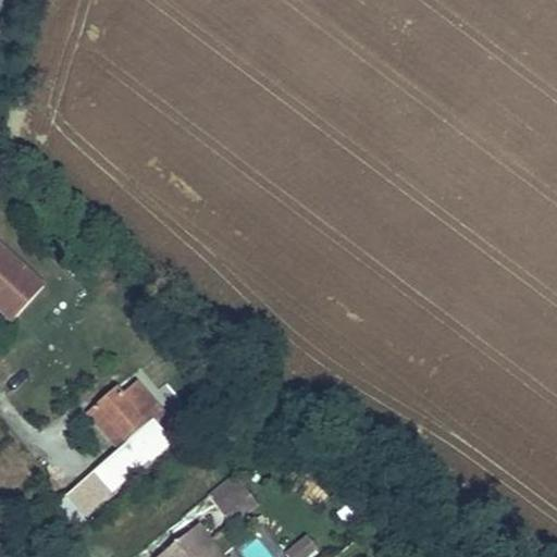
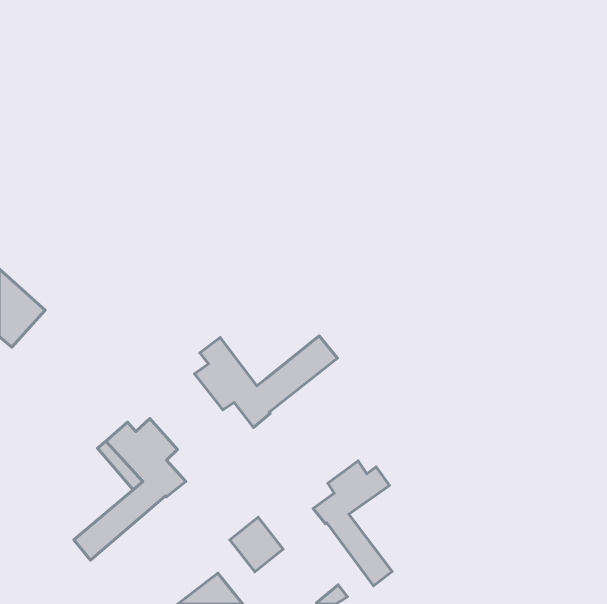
building: none -> [195,336,338,428]
building: none -> [313,461,392,586]

